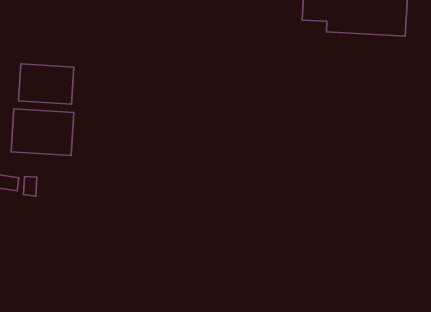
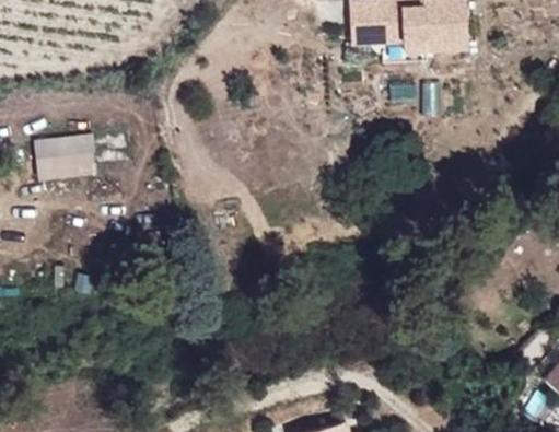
building: [11,109,74,156] -> none

